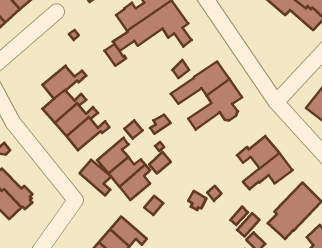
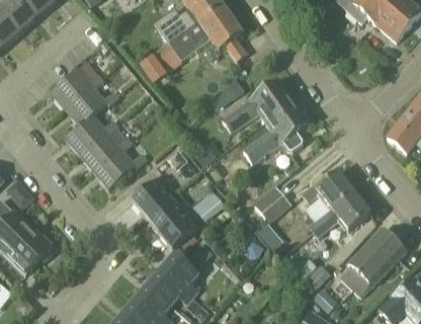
building: none -> [51,68,104,108]
building: none -> [255,187,289,222]
building: [80,160,111,195] -> [161,253,199,297]

